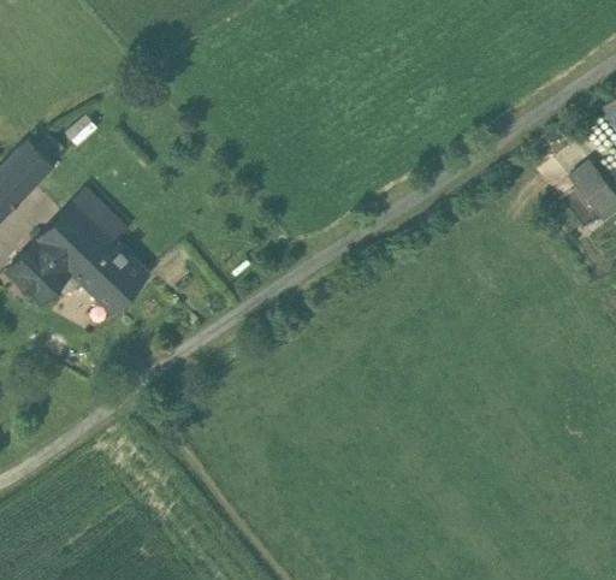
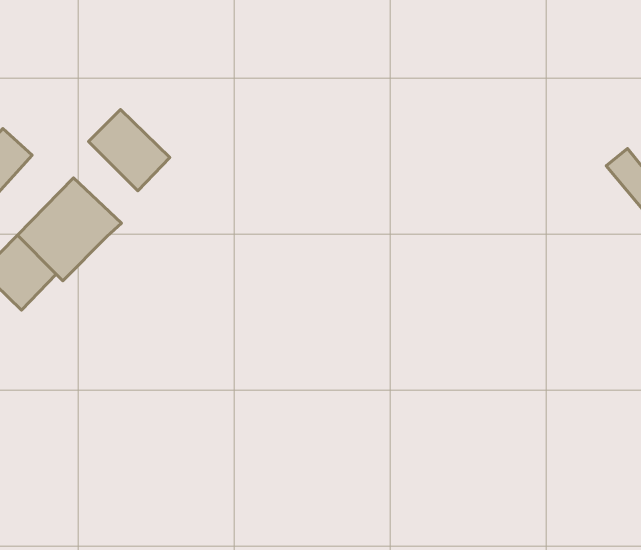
building: none -> [89,110,170,191]
building: [78,241,152,314] -> none

